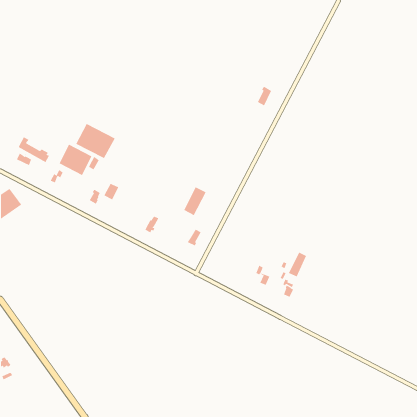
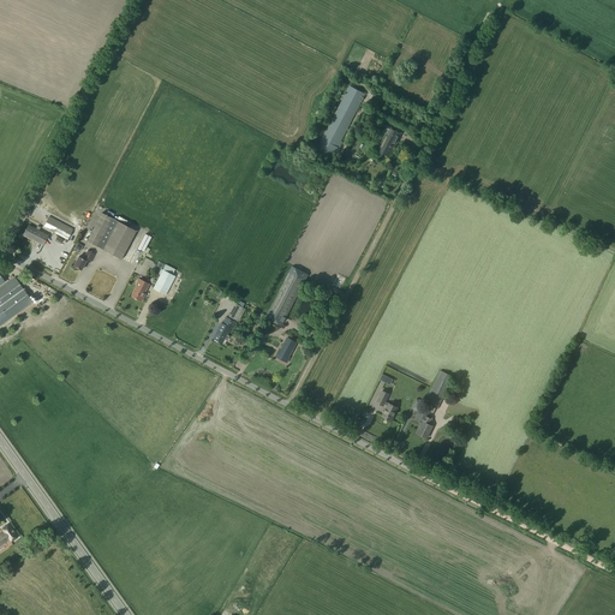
building: none -> [315,84,365,159]
building: [75,123,116,159] -> none

